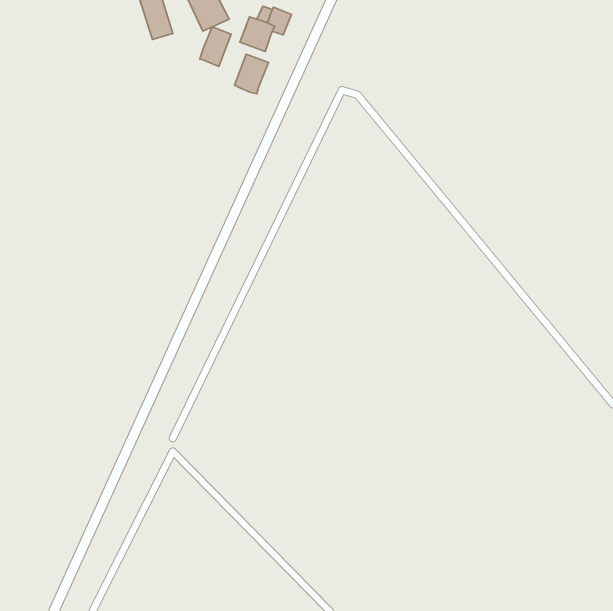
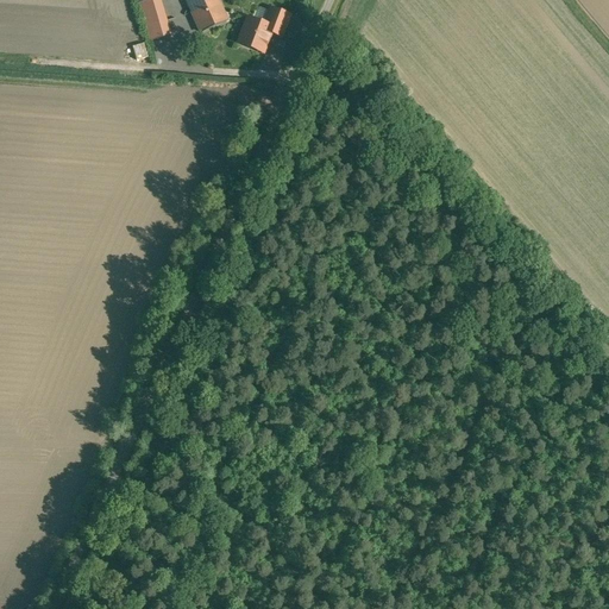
building: [200,27,231,67] -> none
building: [234,54,269,94] -> none

